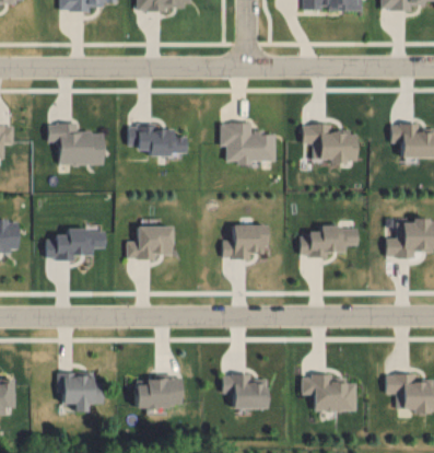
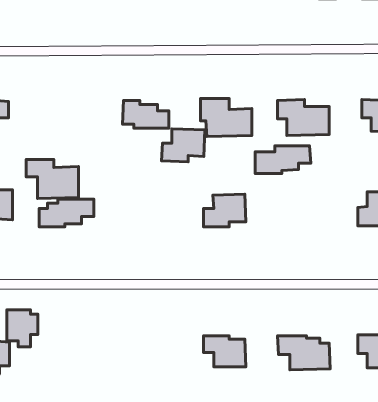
building: [48,123,104,164] -> [26,159,79,199]
building: [127,224,173,259] -> [162,129,205,162]
building: [300,225,359,255] -> [255,146,311,174]
building: [138,375,184,407] -> none
building: [63,376,96,416] -> [7,310,38,347]

